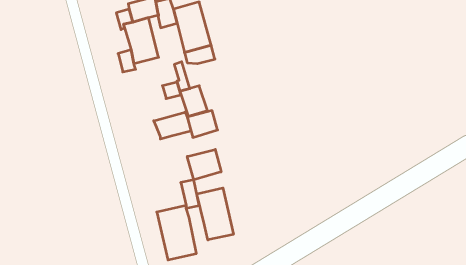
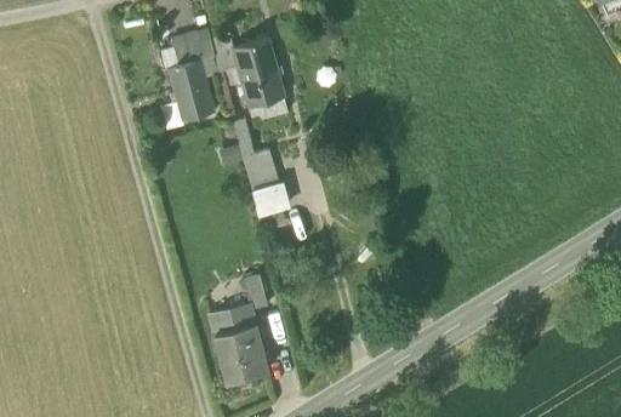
building: [154,112,191,139] -> none
building: [187,149,221,180] -> none
building: [197,188,233,240] -> none

